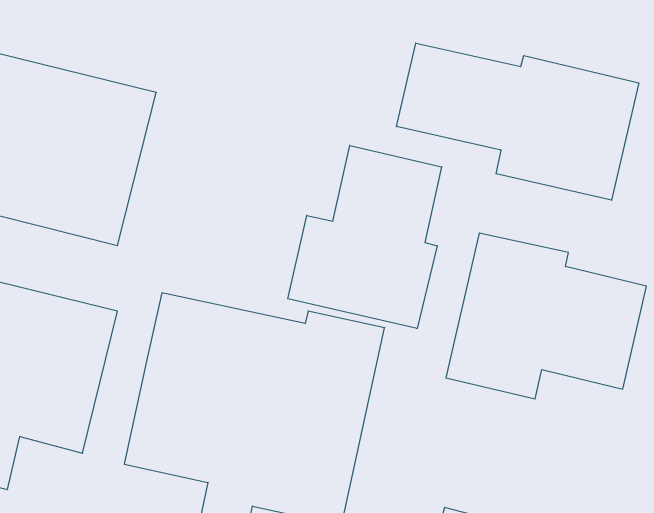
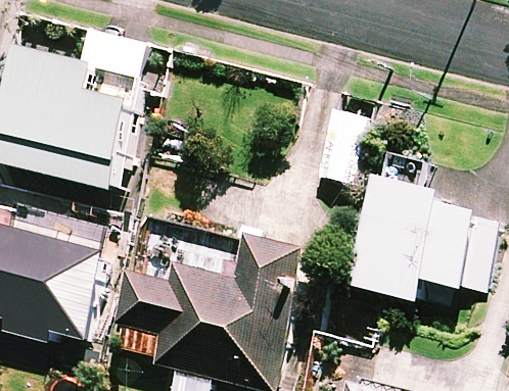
building: [396,43,639,200] -> none
building: [288,145,442,329] -> none

